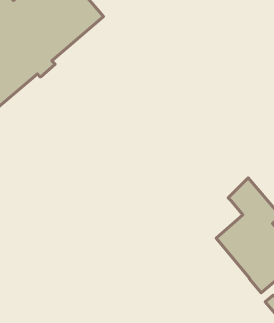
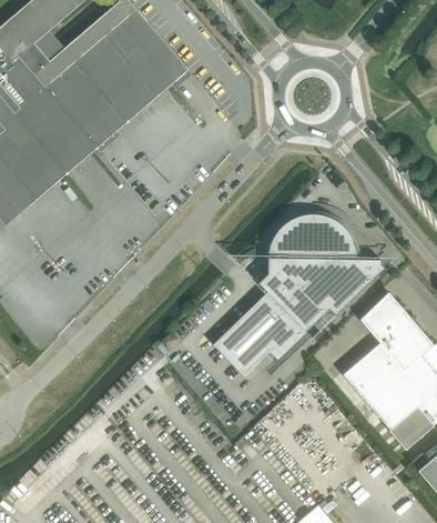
building: none -> [213,214,384,376]

